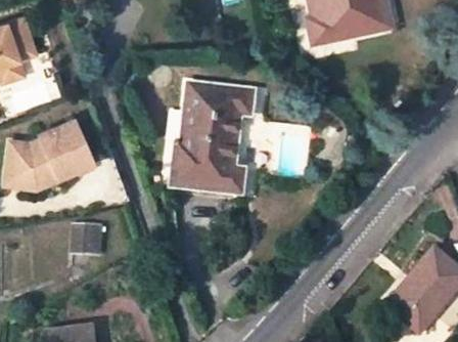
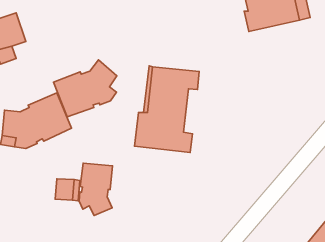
building: none -> [54,60,117,117]
building: none -> [79,163,112,215]

